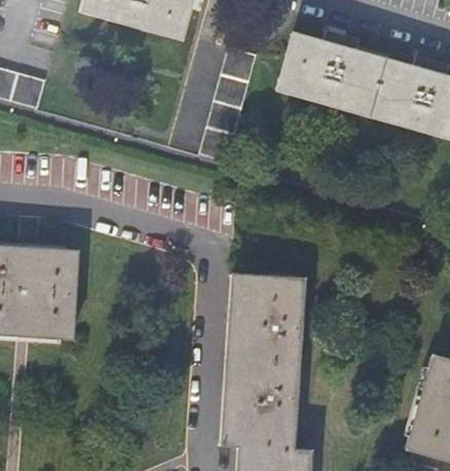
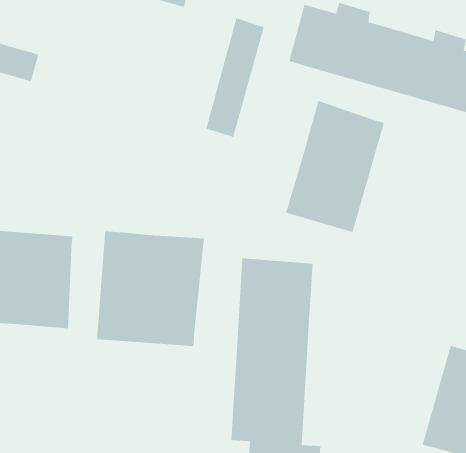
building: none -> [285,100,385,233]
building: none -> [96,230,204,347]

